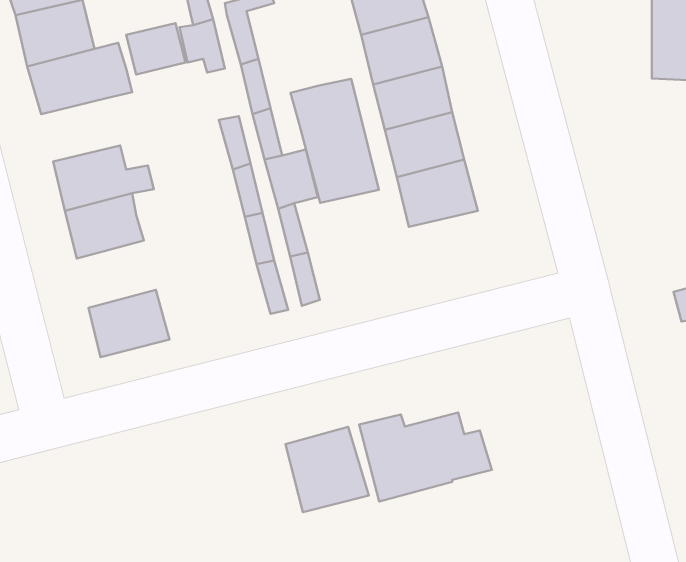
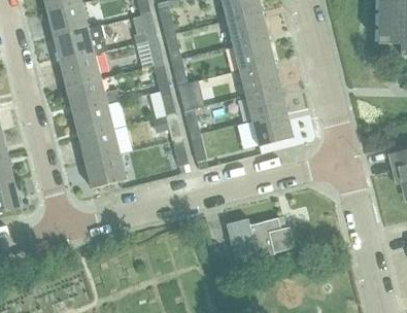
building: none -> [137,38,164,68]
building: [290,79,379,203] -> none
building: none -> [61,54,102,86]
building: none -> [252,112,295,146]
building: none -> [79,128,121,163]
building: [285,427,369,512] -> none

